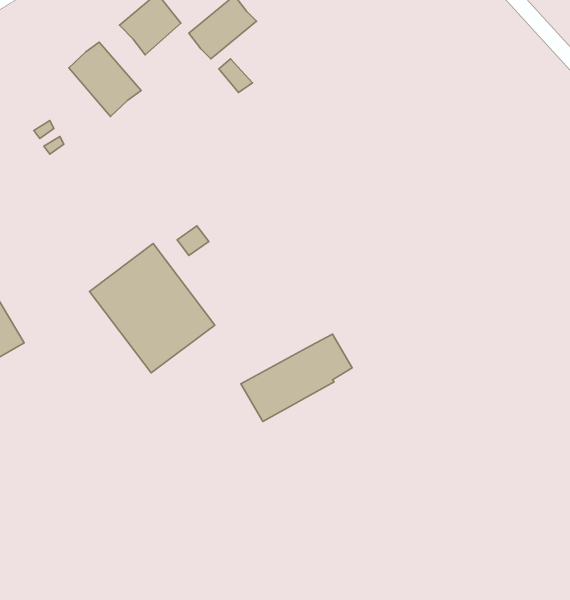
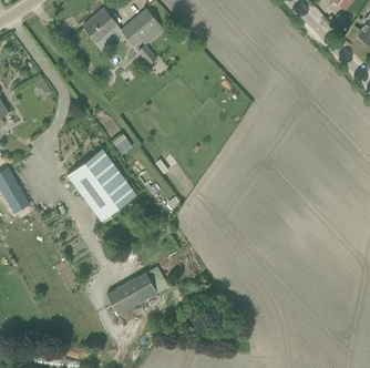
building: [69,42,141,116] -> none
building: [241,334,352,421] -> [105,267,167,316]

